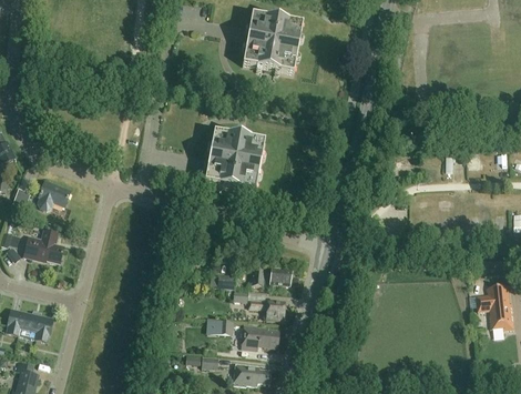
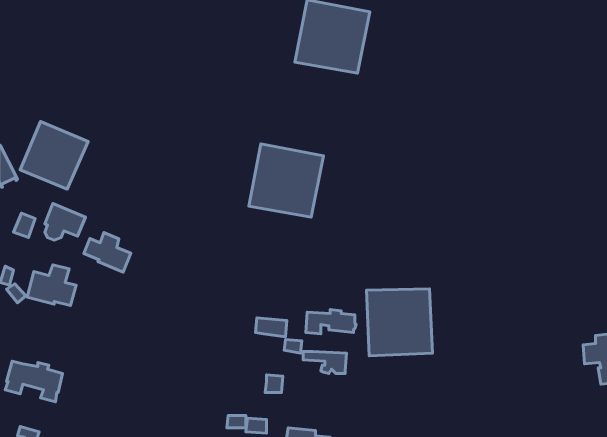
building: none -> [20,122,88,189]
building: none -> [84,232,131,272]
building: none -> [366,289,432,356]
building: [241,325,278,350] -> none

